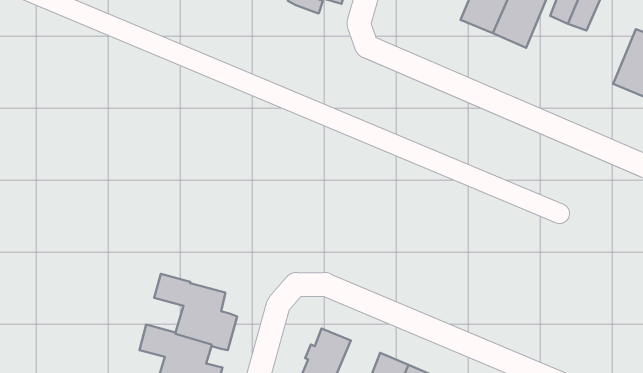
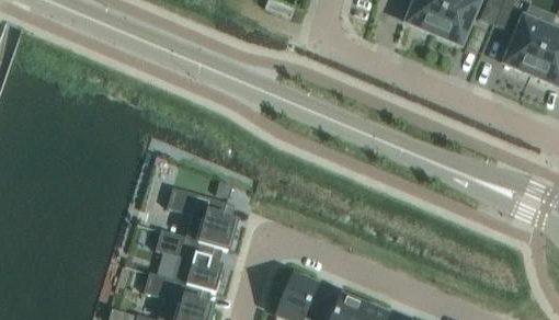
building: none -> [505,18,551,73]
building: none -> [168,186,236,250]

